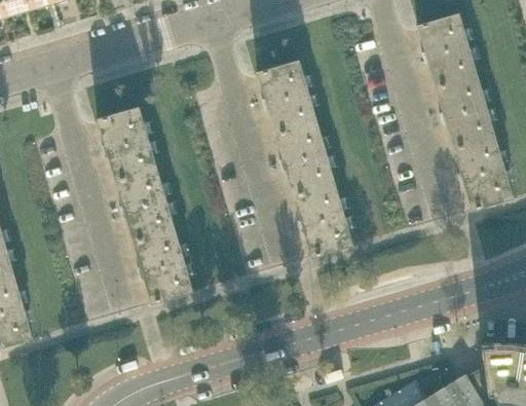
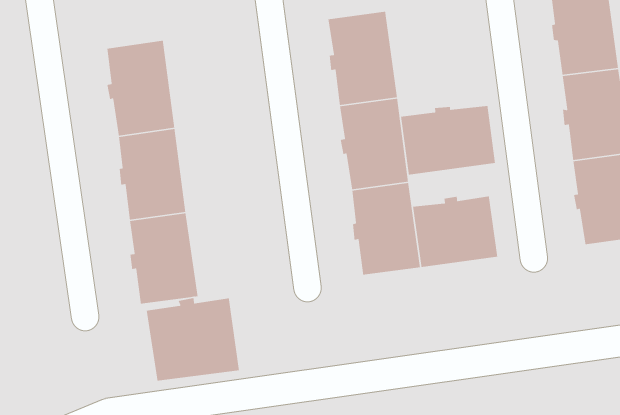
building: none -> [400,105,496,176]
building: none -> [412,196,498,268]
building: none -> [146,297,240,381]

